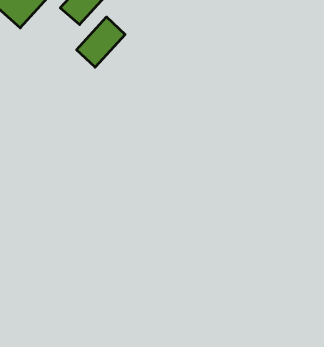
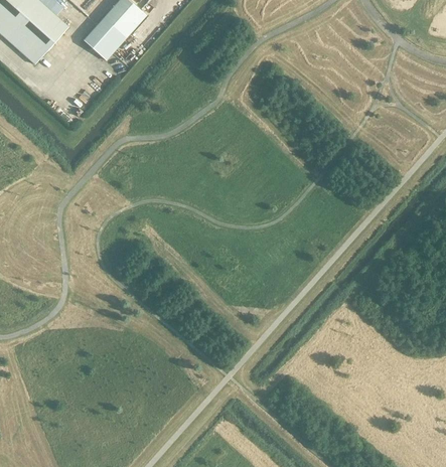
building: [77,17,125,67] -> none

